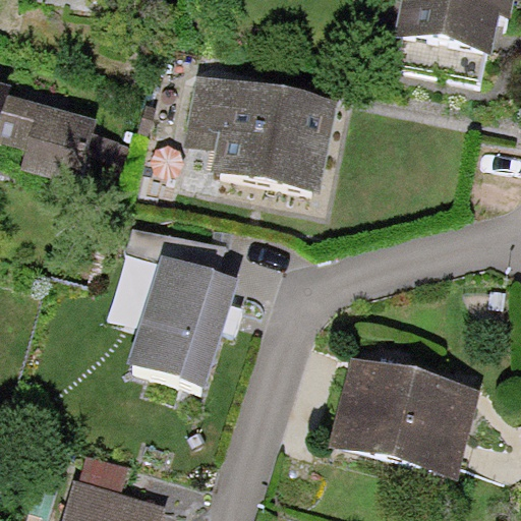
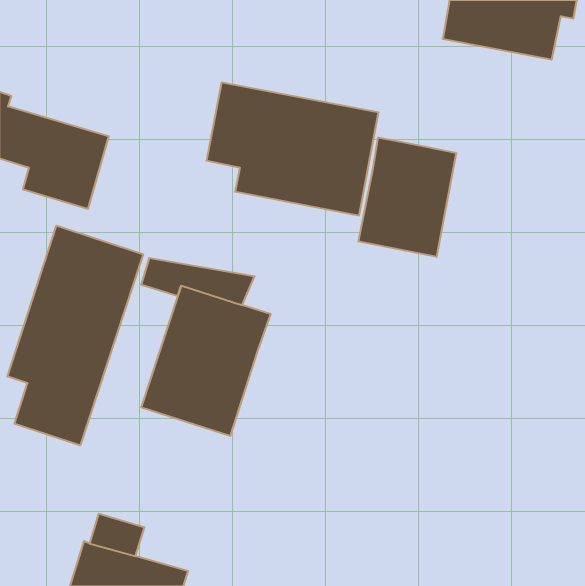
building: none -> [358,137,456,257]
building: none -> [7,226,143,445]
building: [327,355,481,480] -> none

